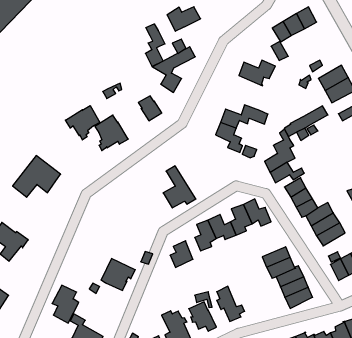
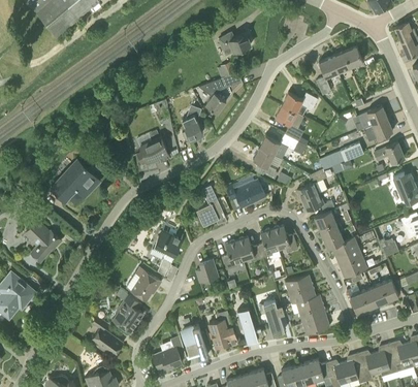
building: [145,24,165,67] -> none
building: none -> [276,104,303,140]
building: [65,106,100,140] -> none
building: none -> [225,180,265,206]
building: none -> [150,231,182,273]
building: none -> [259,299,285,333]
building: [52,285,79,323] -> [117,294,142,331]

